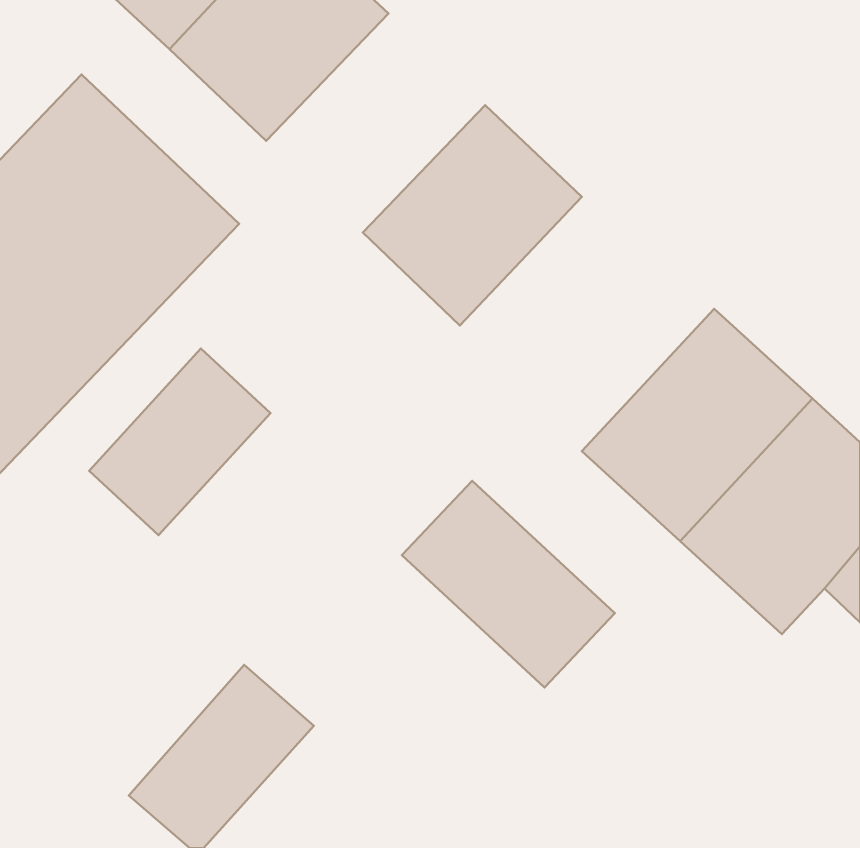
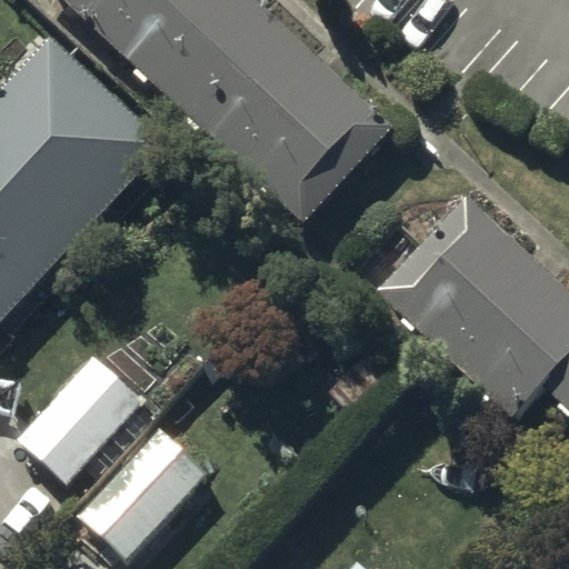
building: none -> [174,9,318,152]
building: [89,349,271,535] -> [23,357,142,479]
building: [402,481,615,688] -> none

